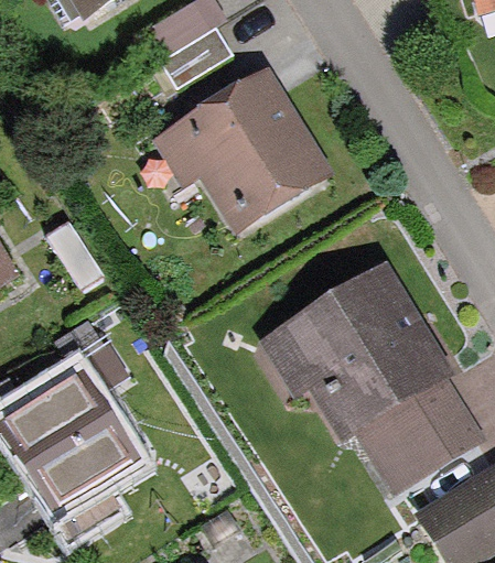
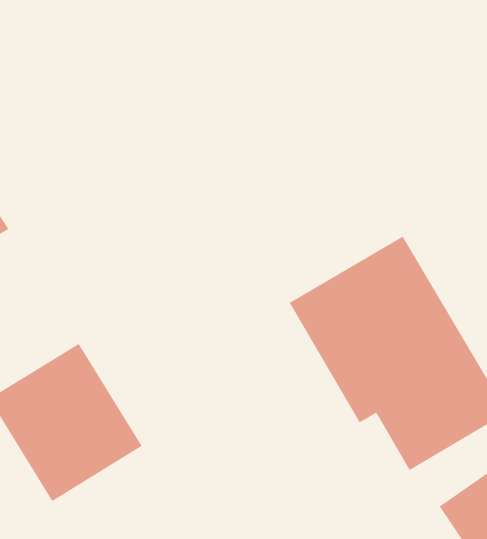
building: [154,69,331,221] -> none

